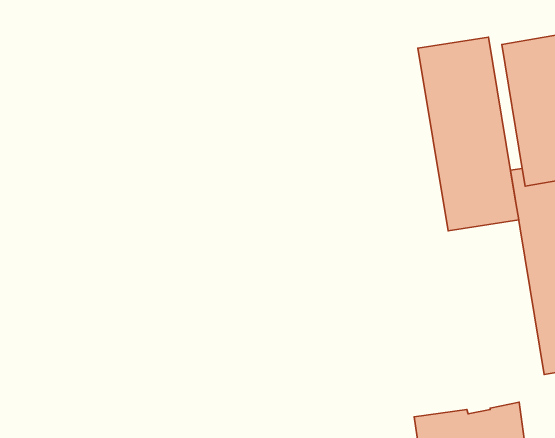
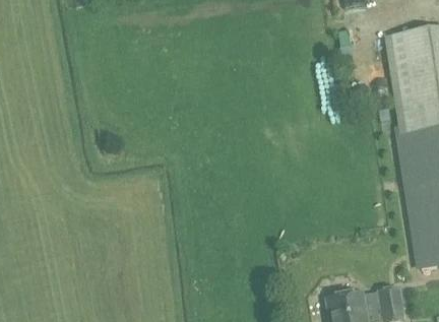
building: [418,37,519,231] -> none

